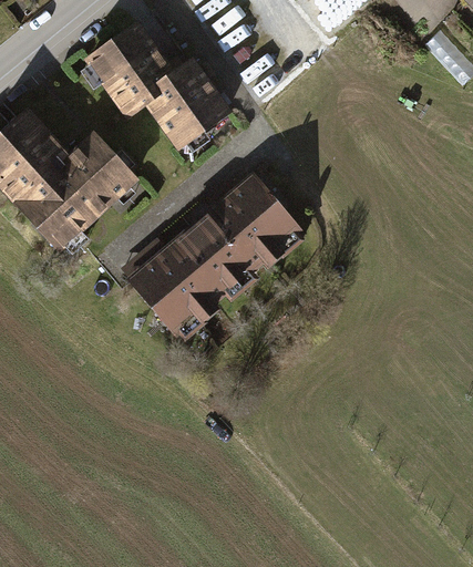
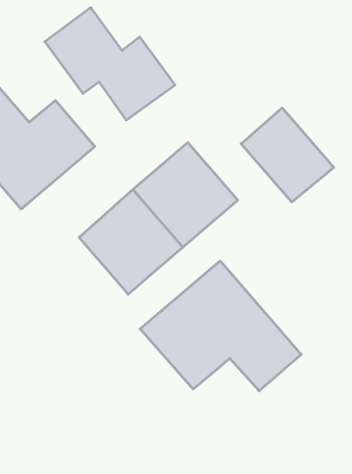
building: none -> [241,108,334,202]
building: none -> [140,261,301,391]

